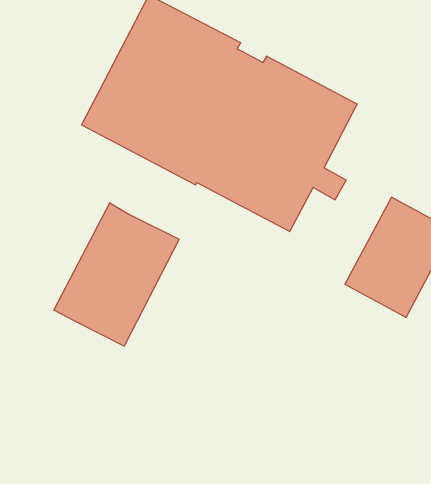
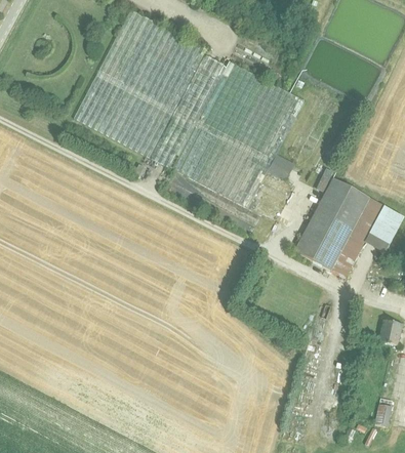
building: [54,203,179,346] -> none

